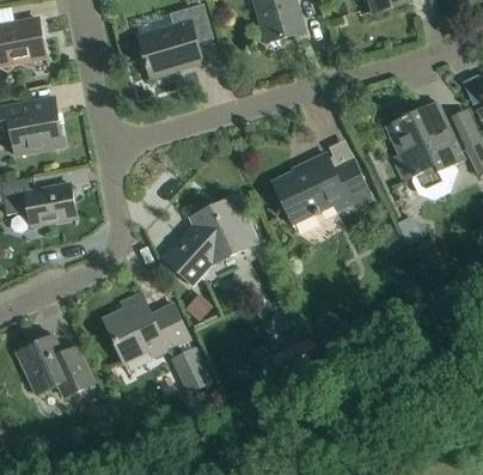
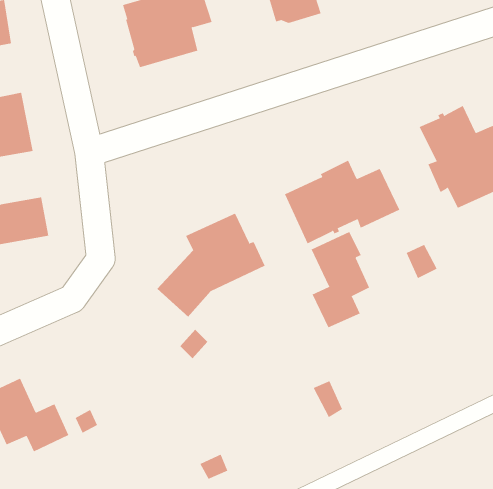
building: none -> [311,231,370,328]
building: [108,293,213,394] -> none

